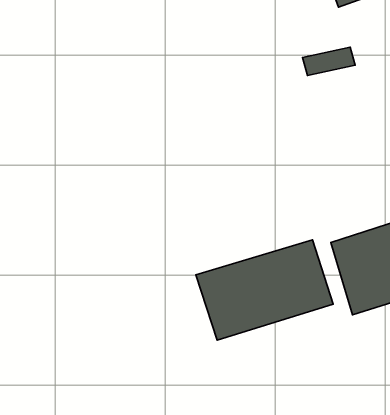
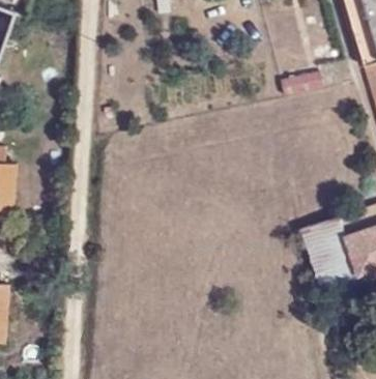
building: [196,240,333,340] -> none

